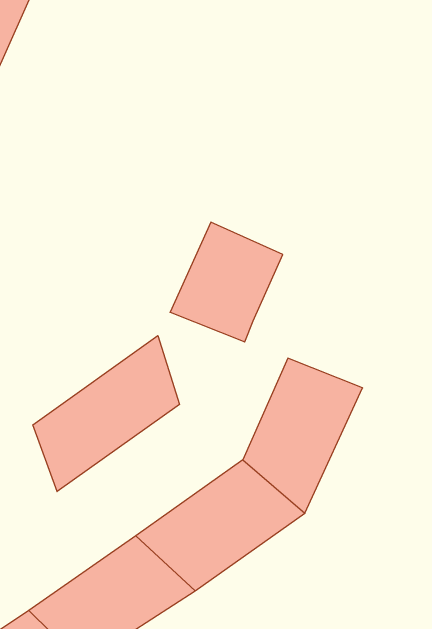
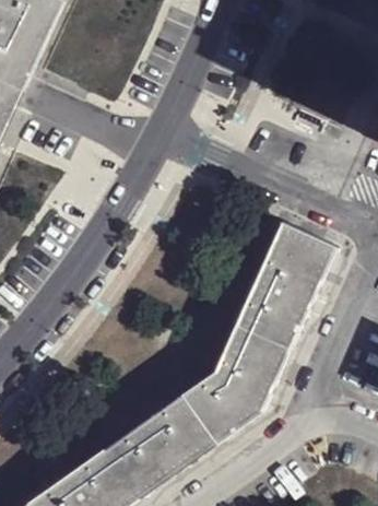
building: [170,222,283,342] -> [249,222,336,315]
building: [33,336,179,492] -> none

